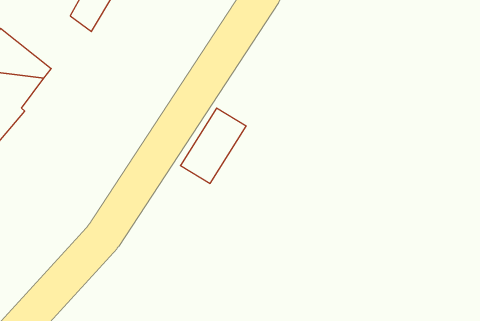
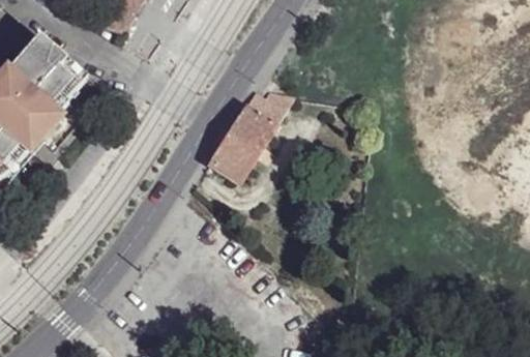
building: none -> [245,94,293,129]

